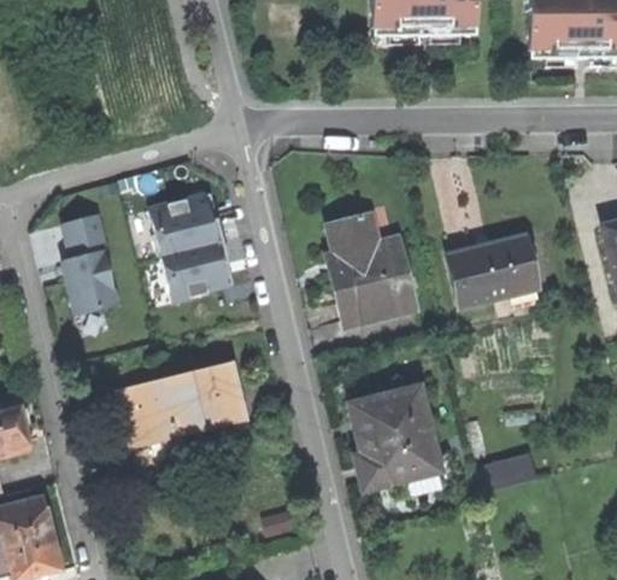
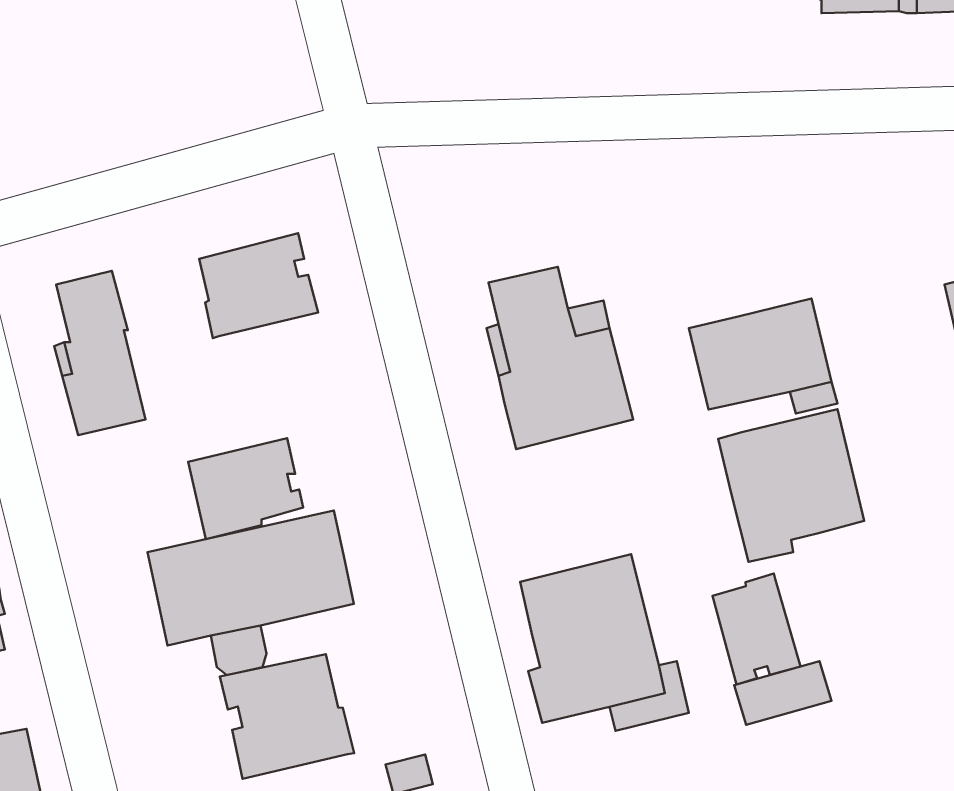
building: [163,240,233,301] -> [188,438,303,539]
building: none -> [718,409,864,562]
building: none -> [713,573,800,684]
building: none -> [220,654,354,779]

